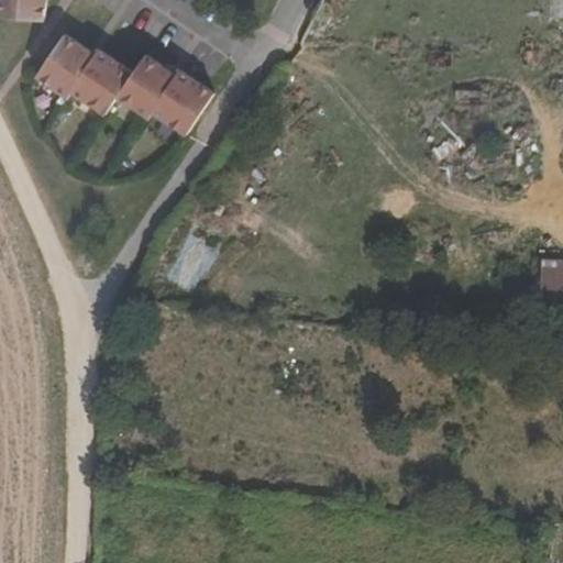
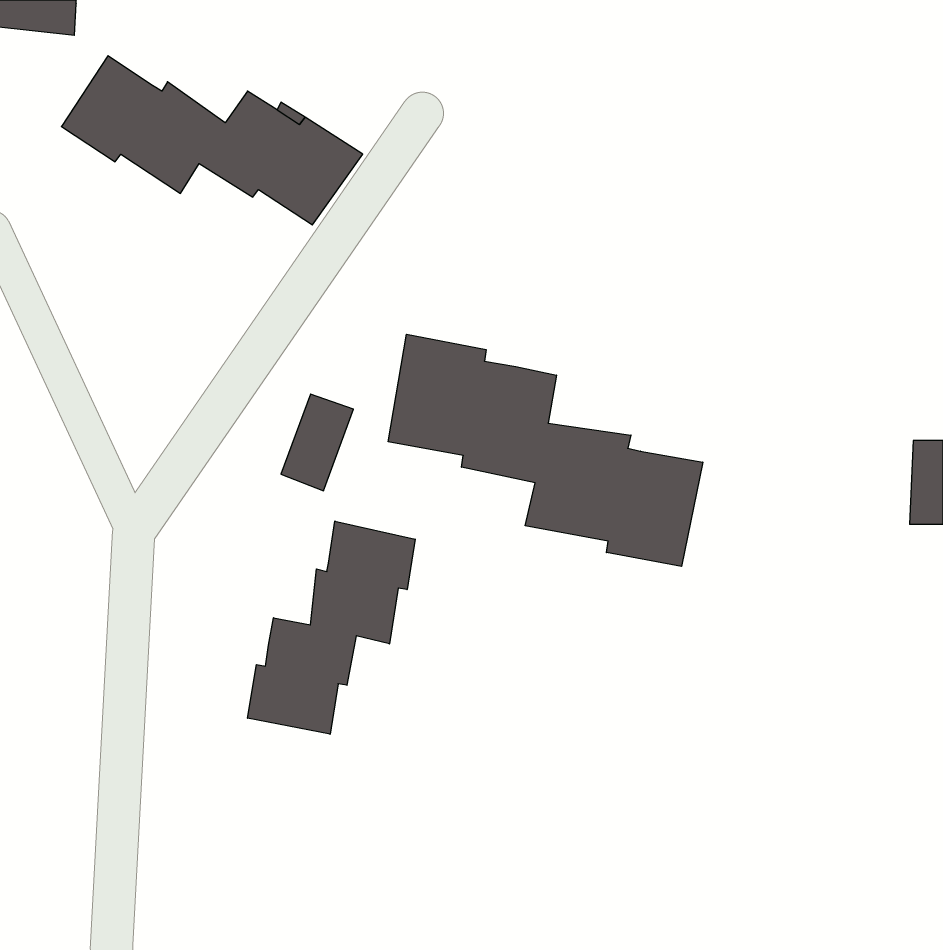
building: none -> [388,334,703,566]
building: none -> [248,521,415,734]

